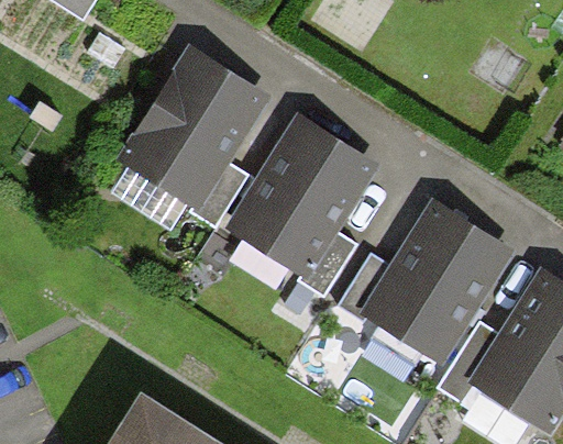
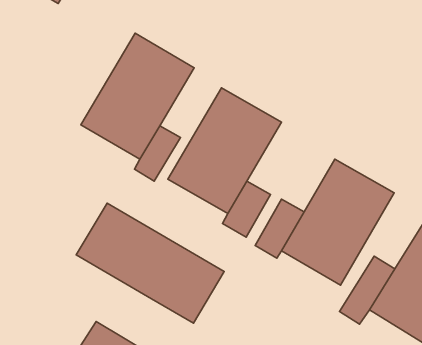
building: none -> [76,203,224,323]

